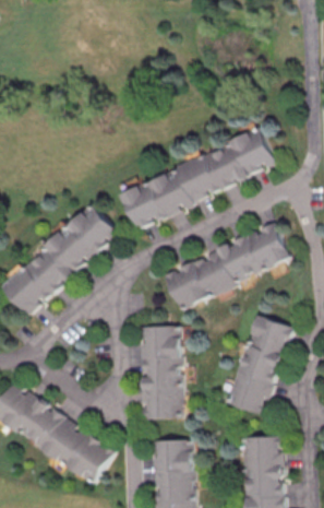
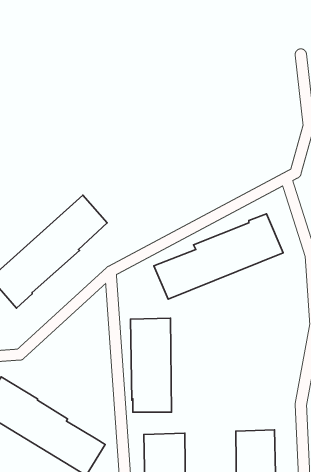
building: [121,134,274,229] -> none
building: [228,316,289,413] -> none

